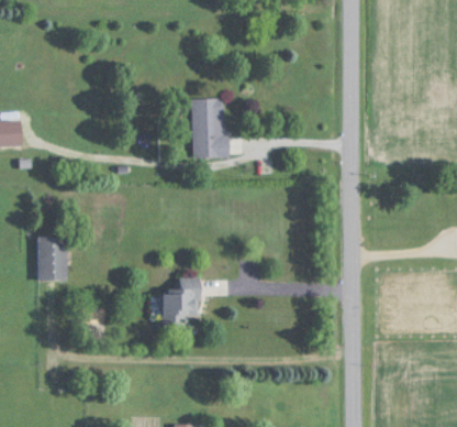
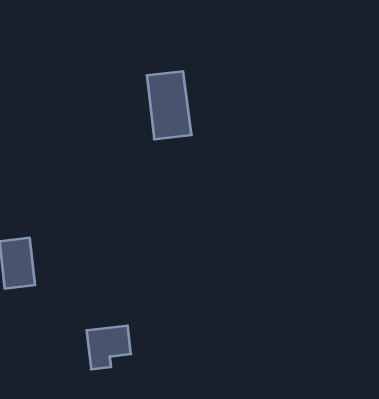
building: [161,289,200,326] -> [87,326,131,369]

